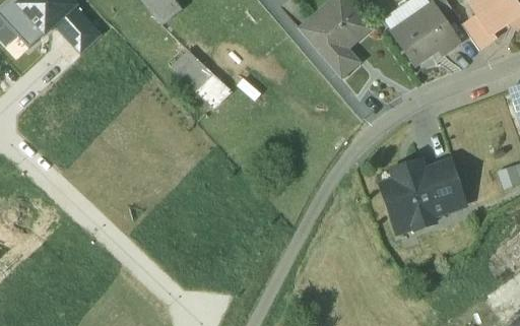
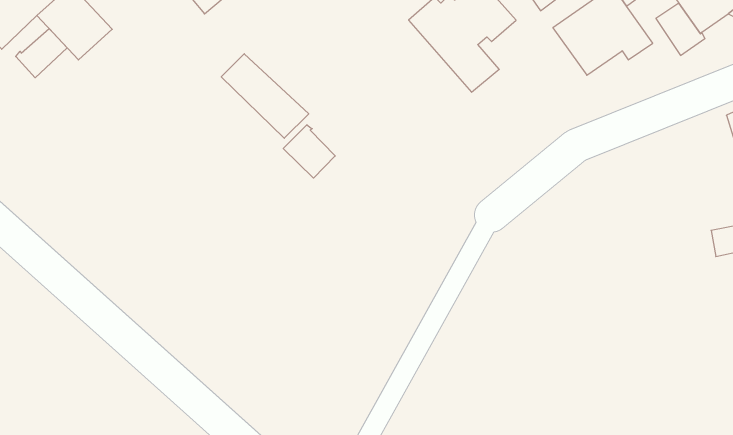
building: none -> [16,28,67,78]
building: none -> [283,125,335,178]
building: [381,159,464,229] -> none

